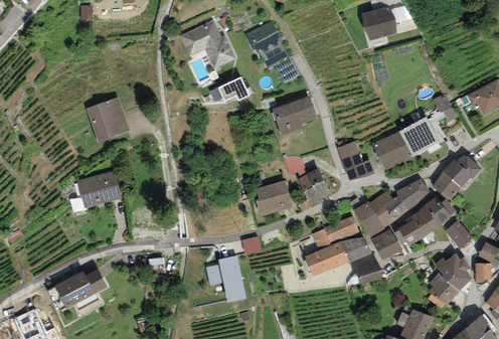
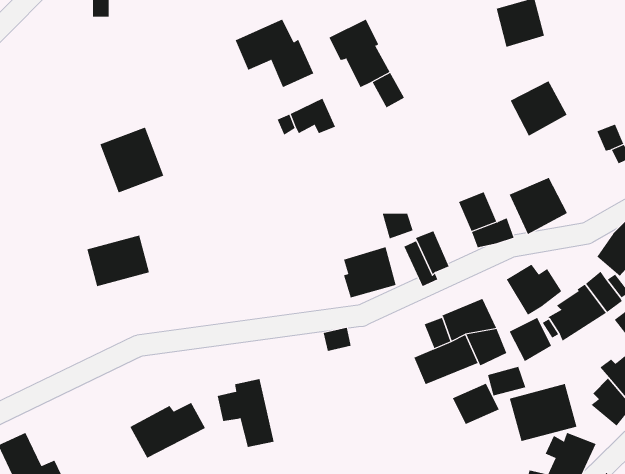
building: [272,95,318,135] -> none
building: [399,117,440,156] -> [510,80,567,137]
building: [396,178,430,210] -> none
building: [354,200,384,236] -> none
building: [206,255,246,303] -> [217,378,275,448]
building: [54,269,108,308] -> [129,402,206,459]
building: none -> [452,383,500,425]
building: none -> [509,383,577,442]

